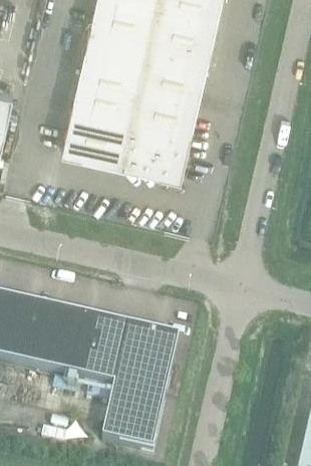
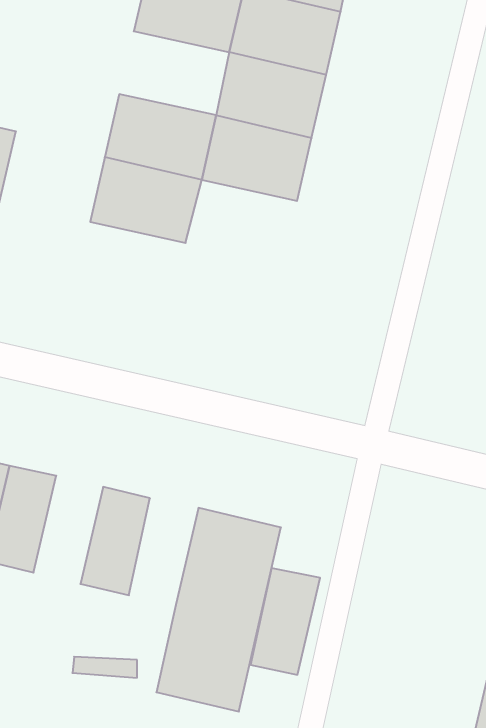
building: [79,31,147,83] -> none
building: [120,124,190,177] -> none
building: [26,307,69,375] -> none
building: [85,321,128,388] -> [251,568,320,675]

